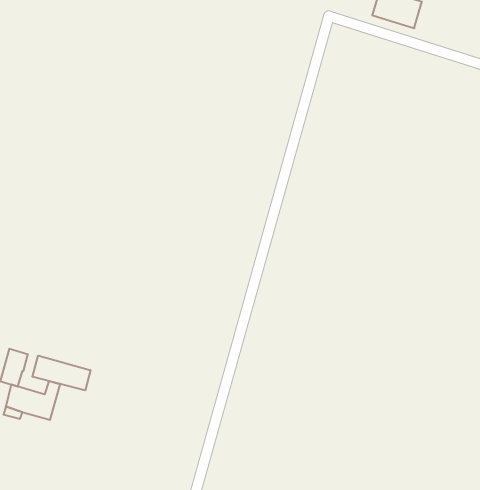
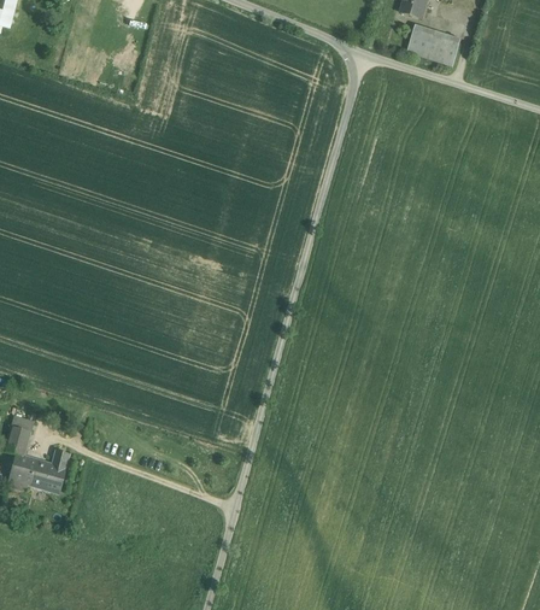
building: [32,356,90,390] -> none

